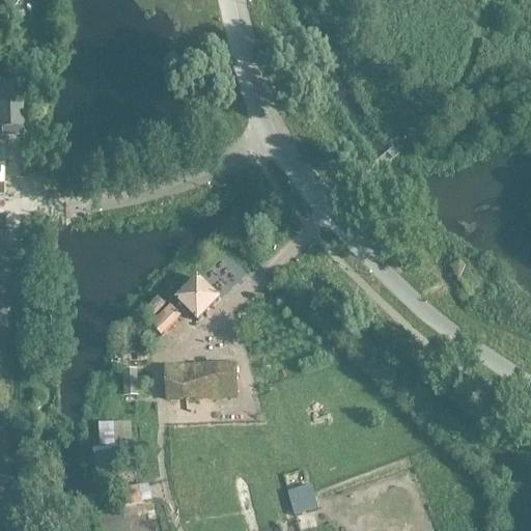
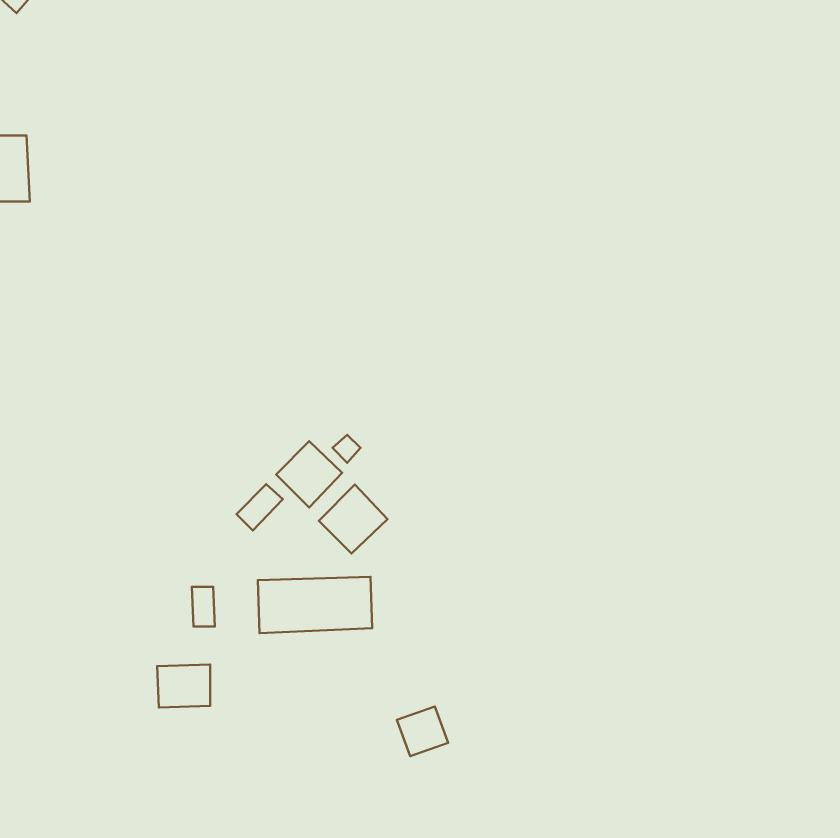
building: none -> [319,485,388,554]
building: [287,479,319,510] -> [397,707,448,756]

